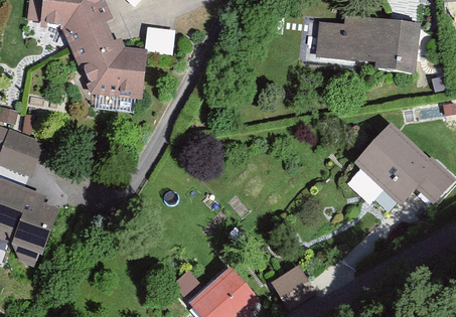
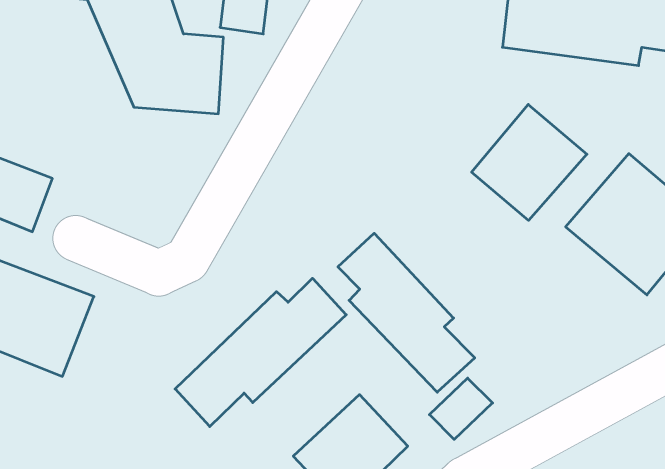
building: none -> [472,104,587,220]
building: none -> [338,233,475,392]
building: none -> [175,278,346,427]

